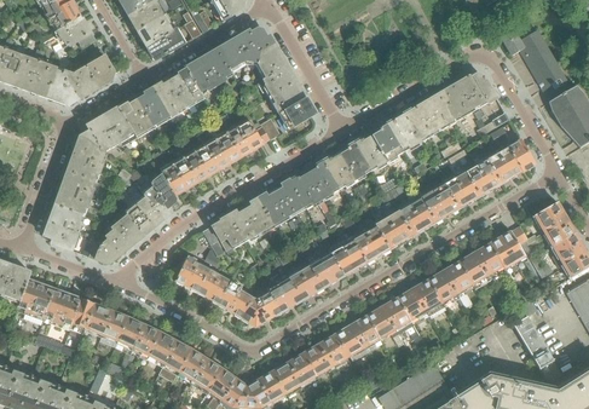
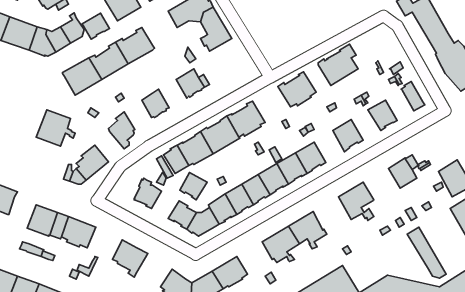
building: [185,48,231,94] -> none
building: none -> [82,13,109,39]
building: [441,73,496,120] -> none
building: [268,82,314,129] -> none
building: [385,115,418,149] -> none
building: [206,122,241,168] -> none
building: [68,129,103,182] -> none
building: [322,142,369,186] -> none
building: [486,146,521,184] -> none
building: [163,159,197,195] -> none
building: [444,171,480,208] -> none
building: [398,196,435,236] -> none
building: [126,197,163,235] -> none
building: [533,201,574,247] -> none
building: [44,204,85,250] -> none
building: [458,243,504,288] -> none
building: [197,271,231,305] -> [180,173,207,200]
building: [17,278,54,317] -> none
building: [397,278,444,323] -> none
building: [116,316,161,359] -> none
building: [302,334,346,374] -> none
building: [179,348,223,390] -> none

